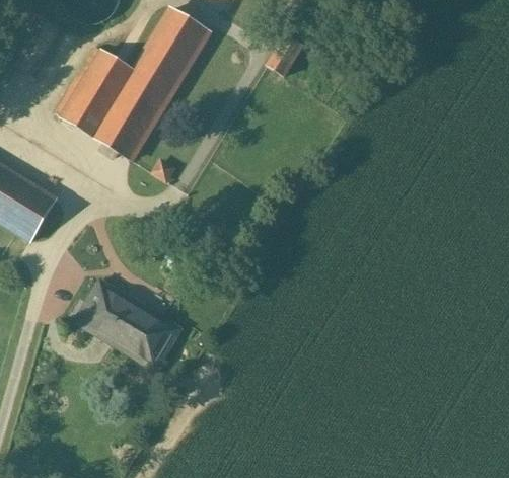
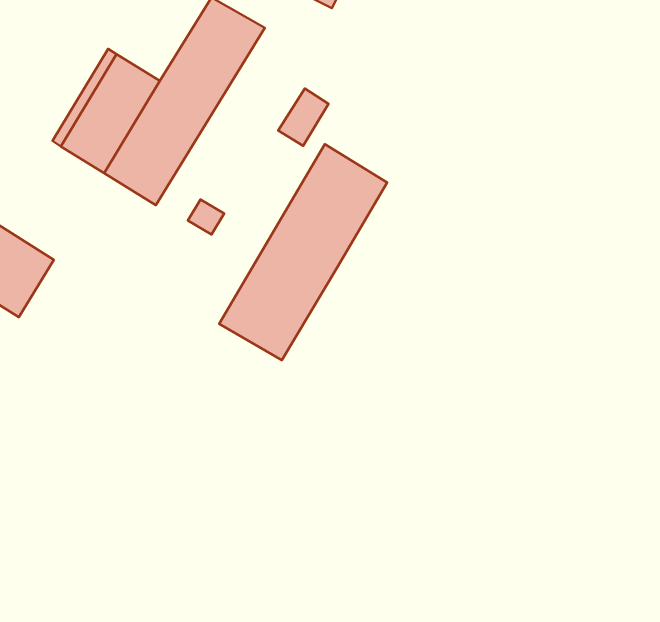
building: [266,34,302,76] -> [278,89,328,146]
building: none -> [219,144,387,360]
building: [77,283,177,368] -> none

